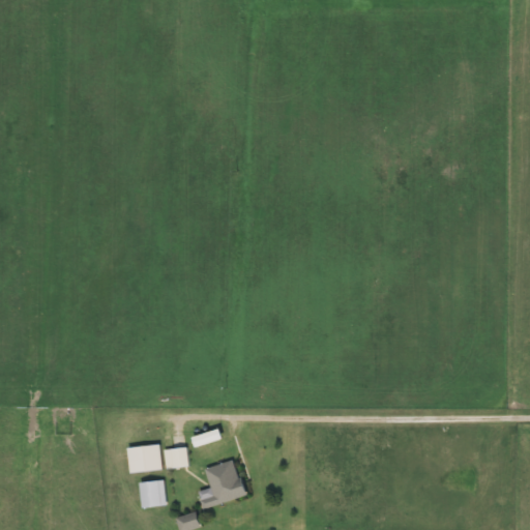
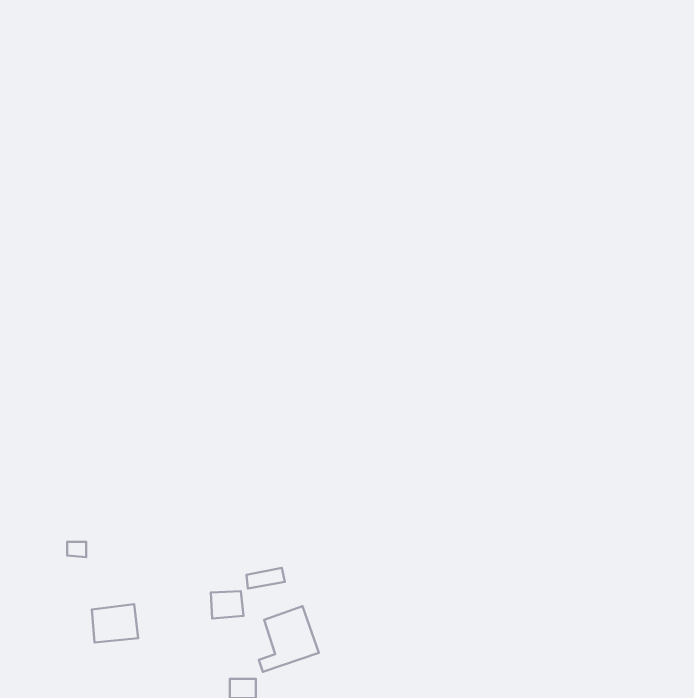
building: [126,443,161,472] -> [92,604,138,642]
building: [138,478,166,506] -> none

